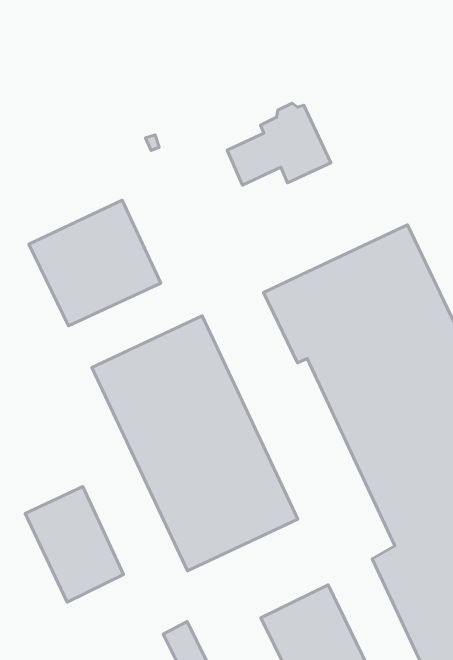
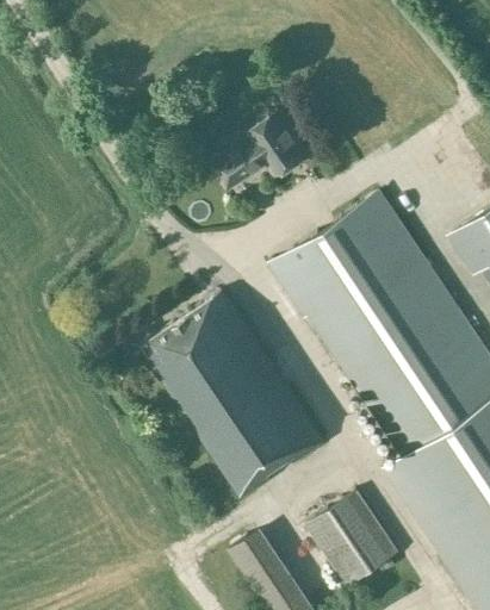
building: [29,200,161,326] -> none
building: [25,487,123,602] -> none

